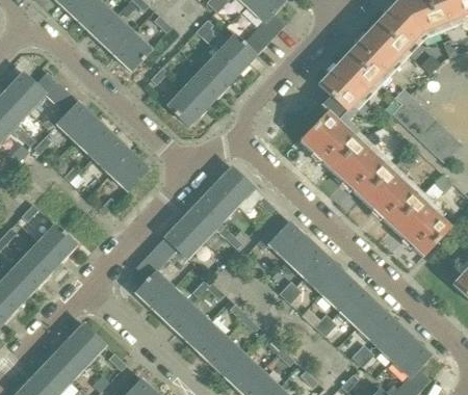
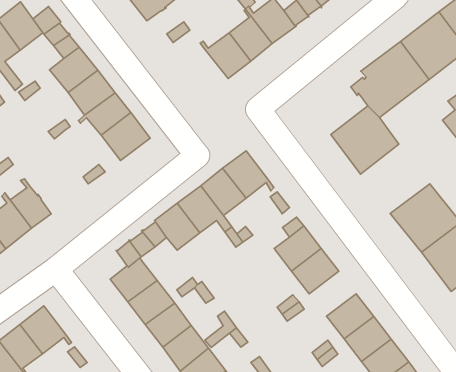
building: [162,87,207,126] -> none
building: [331,140,390,200] -> none
building: [304,255,343,294] -> none

